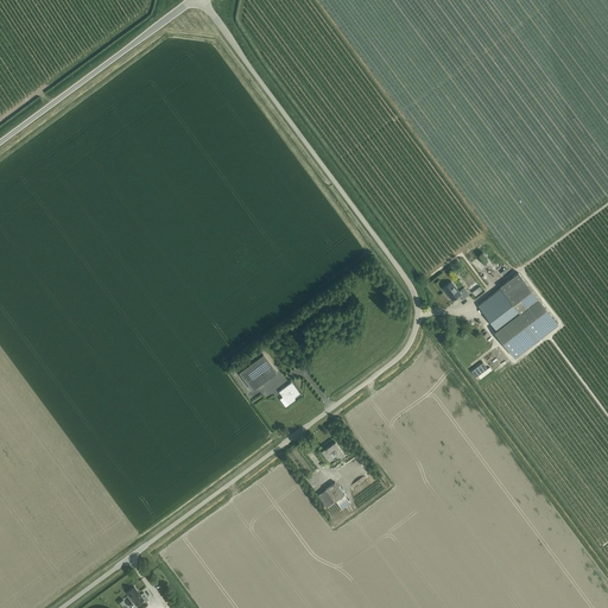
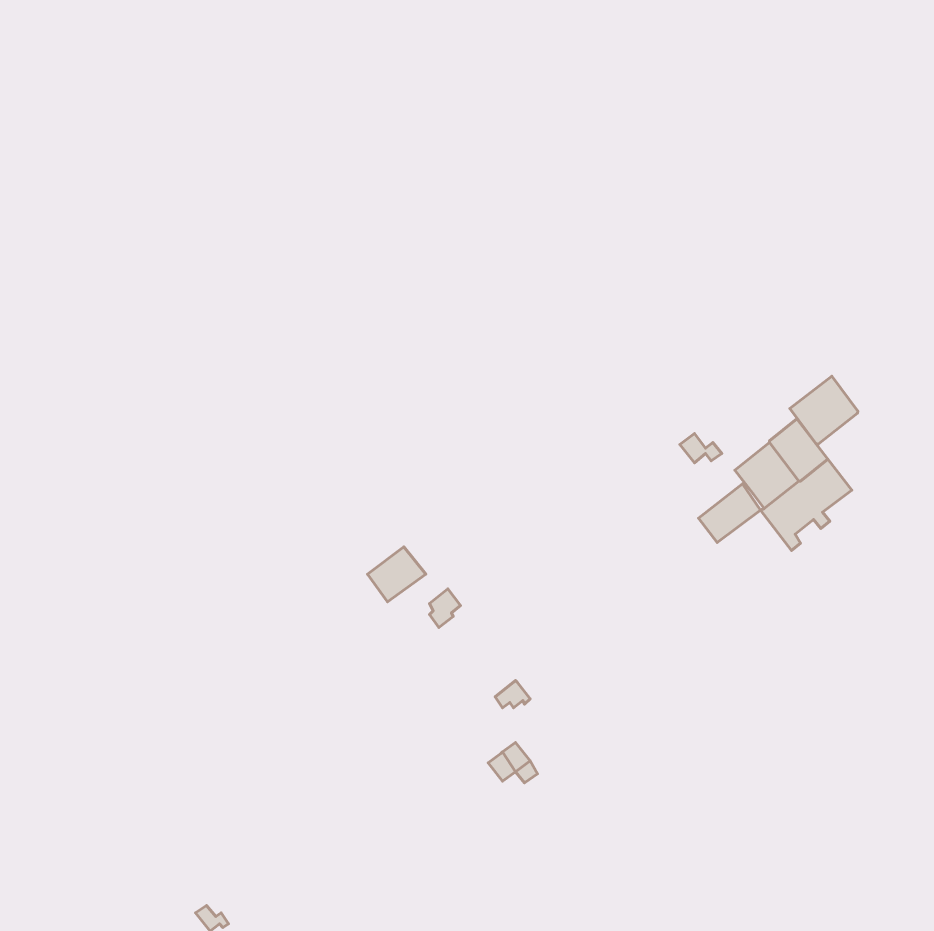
building: none -> [790,376,858,444]
building: none -> [699,484,760,543]

